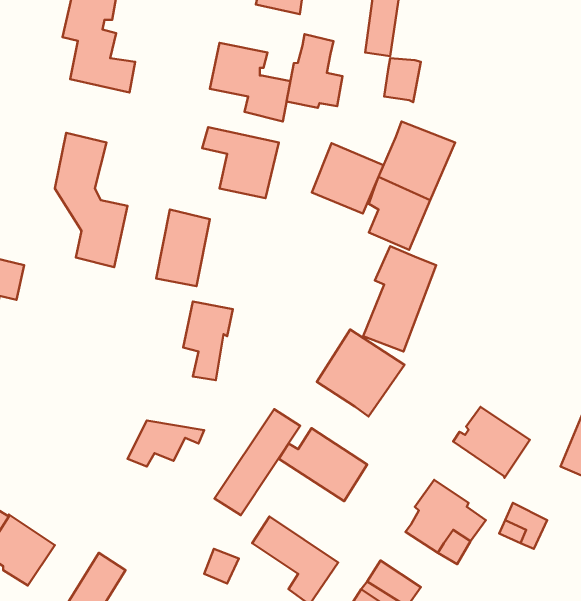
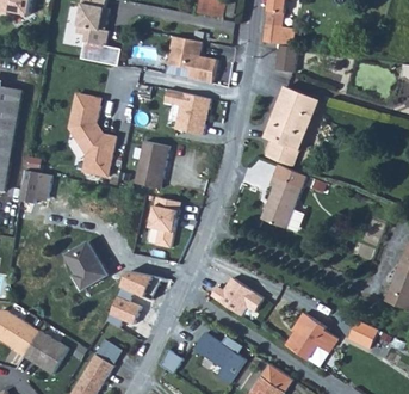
building: [287,34,343,108] -> none
building: [312,143,384,214] -> none
building: [317,330,404,416] -> none
building: none -> [68,241,110,288]
building: [453,407,530,478] -> none
building: [215,409,300,515] -> none
building: none -> [104,295,140,328]

